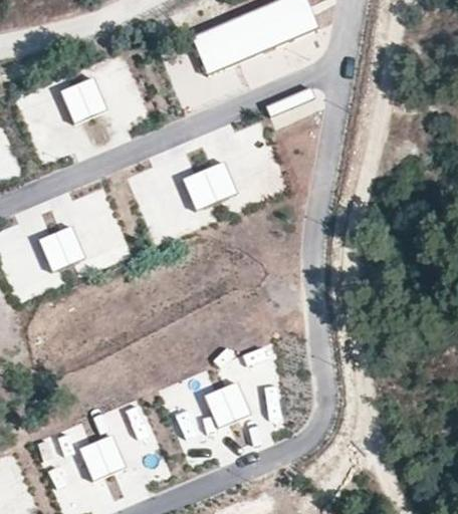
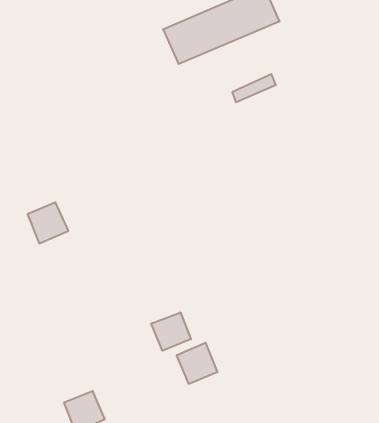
building: [60,79,105,123] -> none
building: [184,163,236,211] -> none
building: none -> [151,312,191,351]

